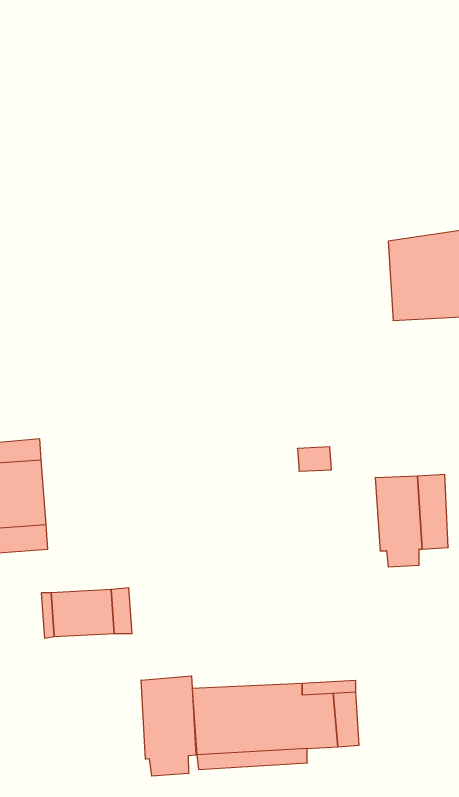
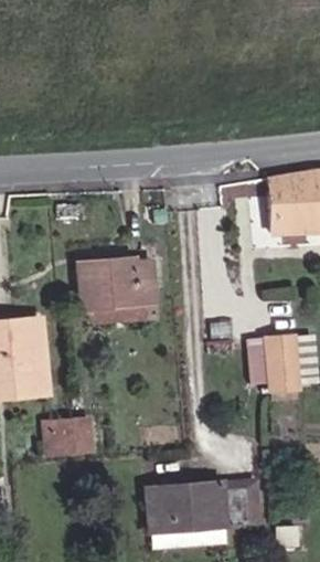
building: none -> [79,263,161,326]
building: [141,676,196,776] -> none

